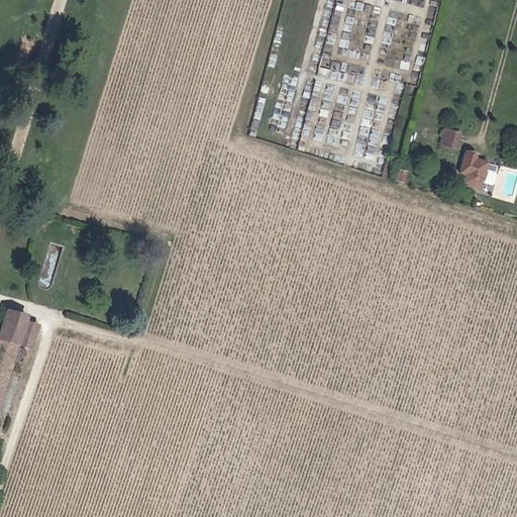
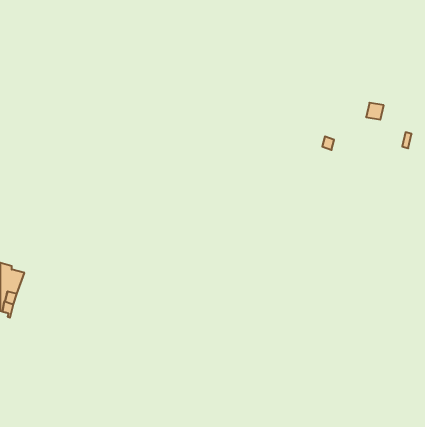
building: [458,146,485,184] -> none

